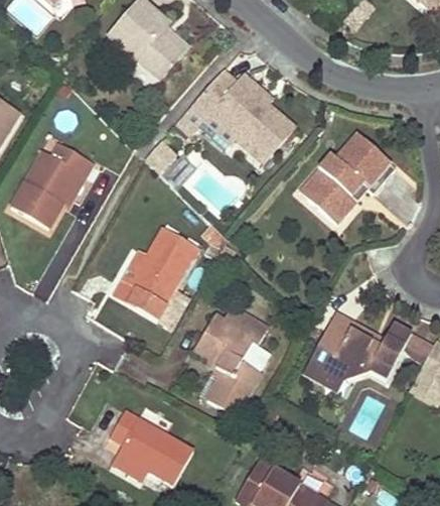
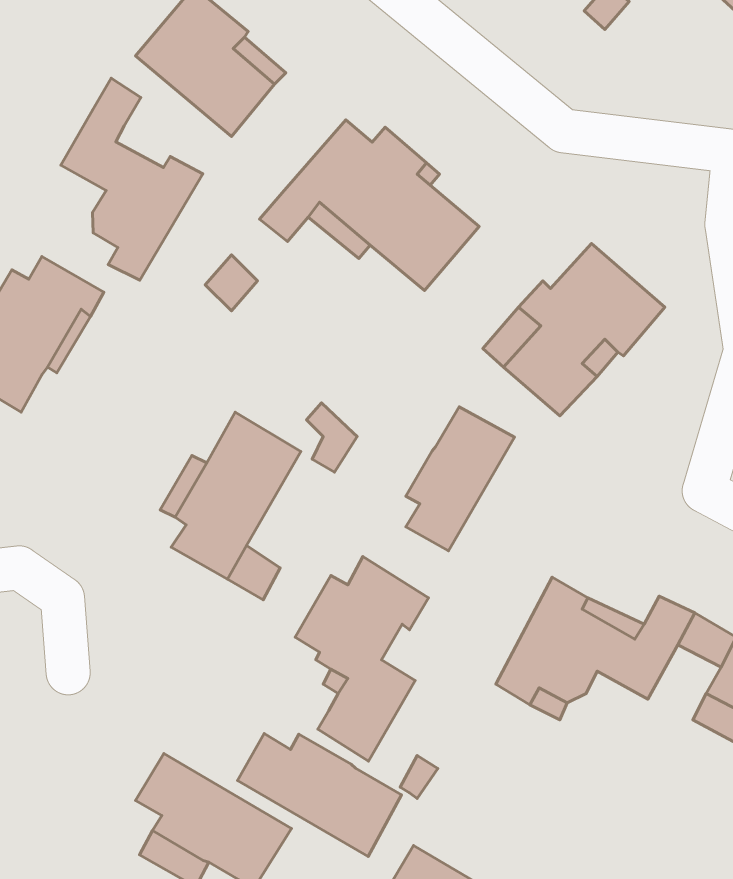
building: none -> [61,78,203,280]
building: none -> [406,407,515,551]
building: none -> [237,734,401,856]

